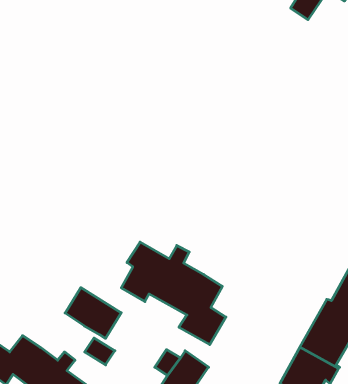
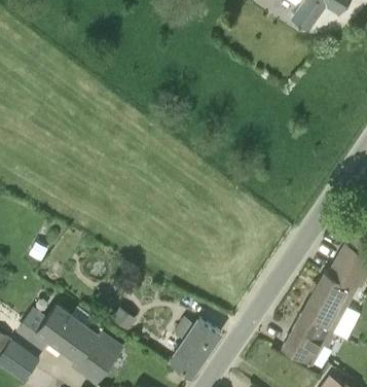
building: [121,242,226,345] -> none
building: [65,288,121,338] -> none

